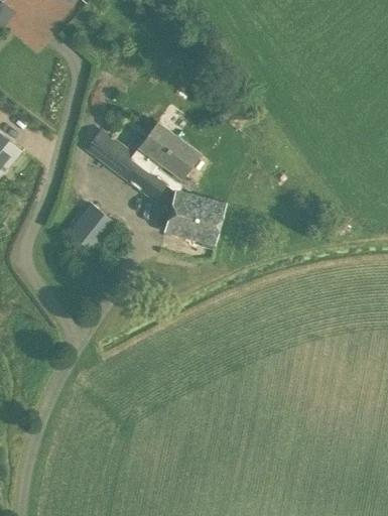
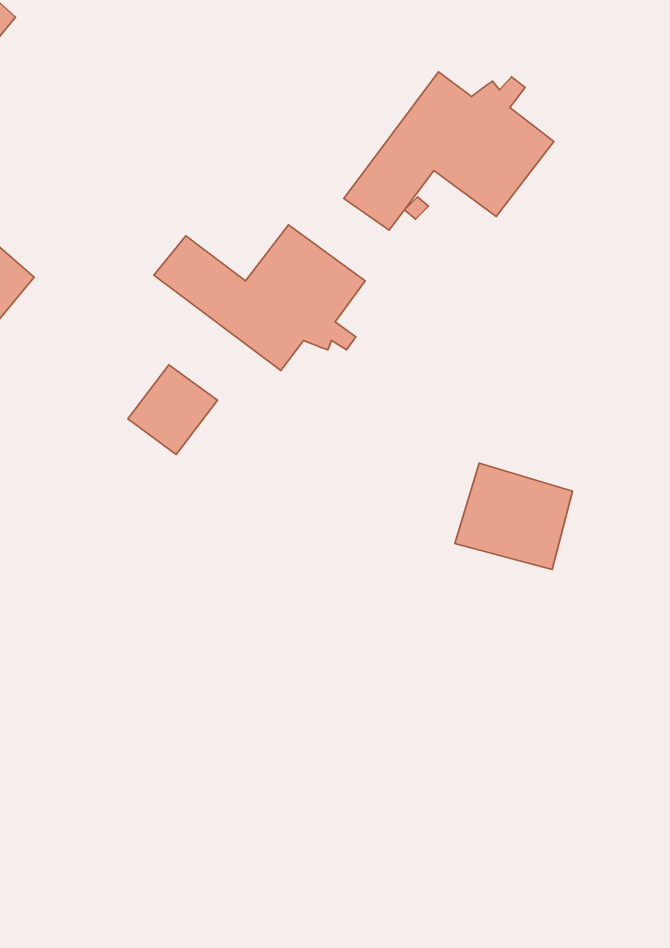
building: none -> [344,72,554,230]
building: [162,189,226,247] -> [455,463,573,570]

